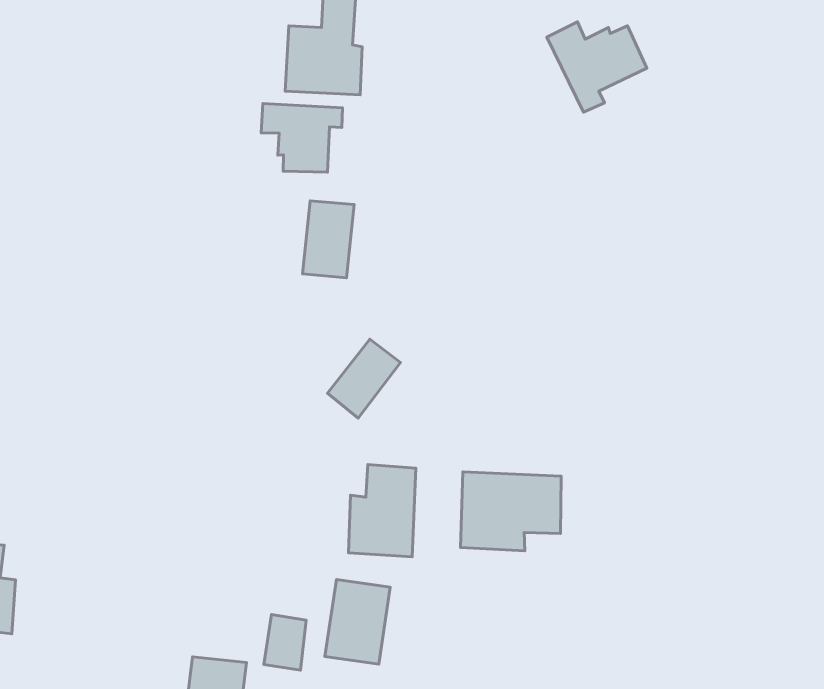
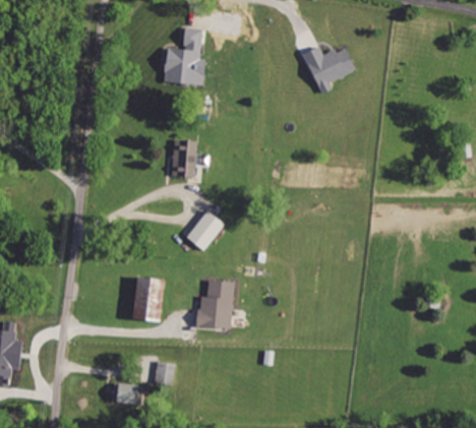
building: [261,104,342,172] -> none
building: [461,472,561,551] -> none
building: [325,580,390,664] -> [132,277,167,321]

